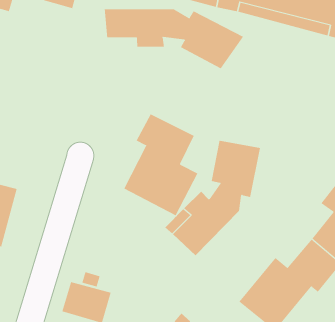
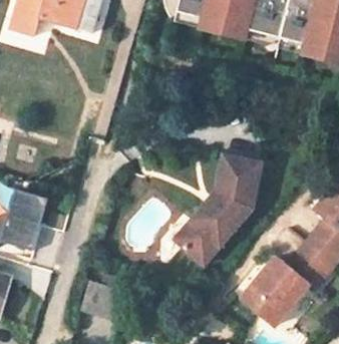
building: [104,8,244,69] -> none
building: [123,113,198,216] -> none

